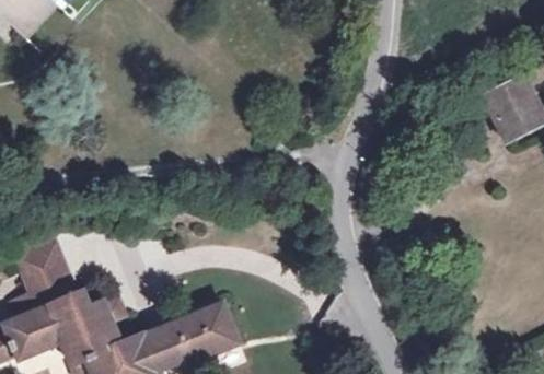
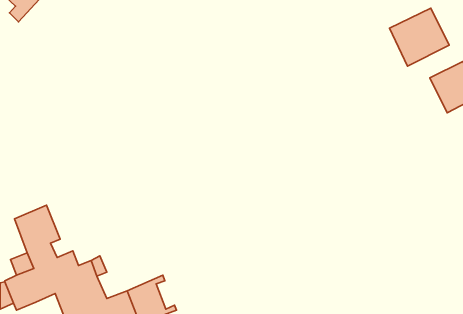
building: none -> [390,8,449,66]
building: [177,305,240,360] -> none

